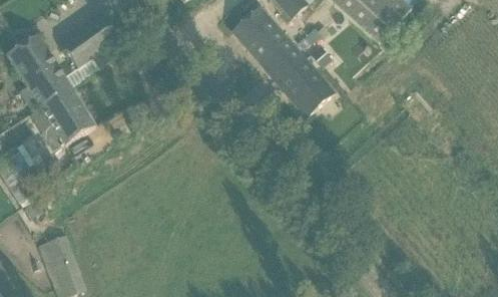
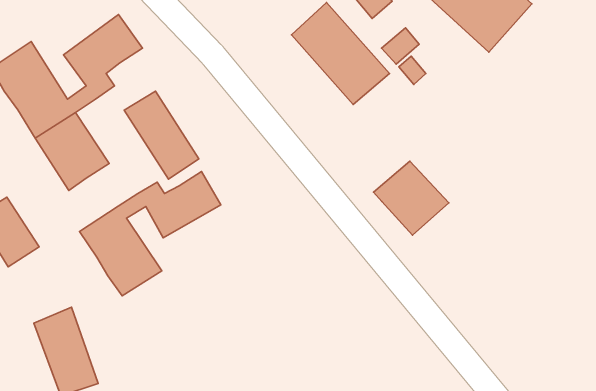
building: [278,58,334,113] -> [374,161,449,235]
building: none -> [124,91,199,179]
building: none -> [79,171,221,296]

